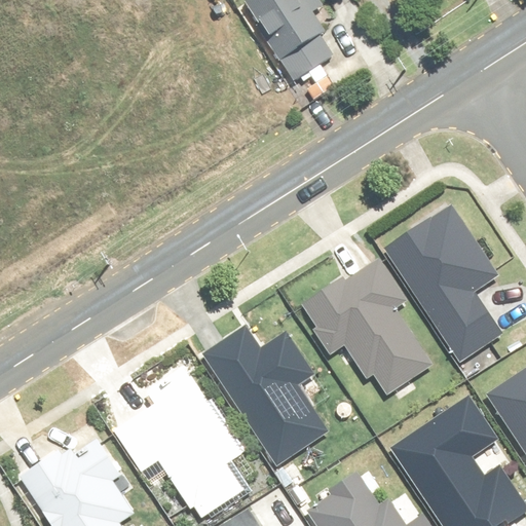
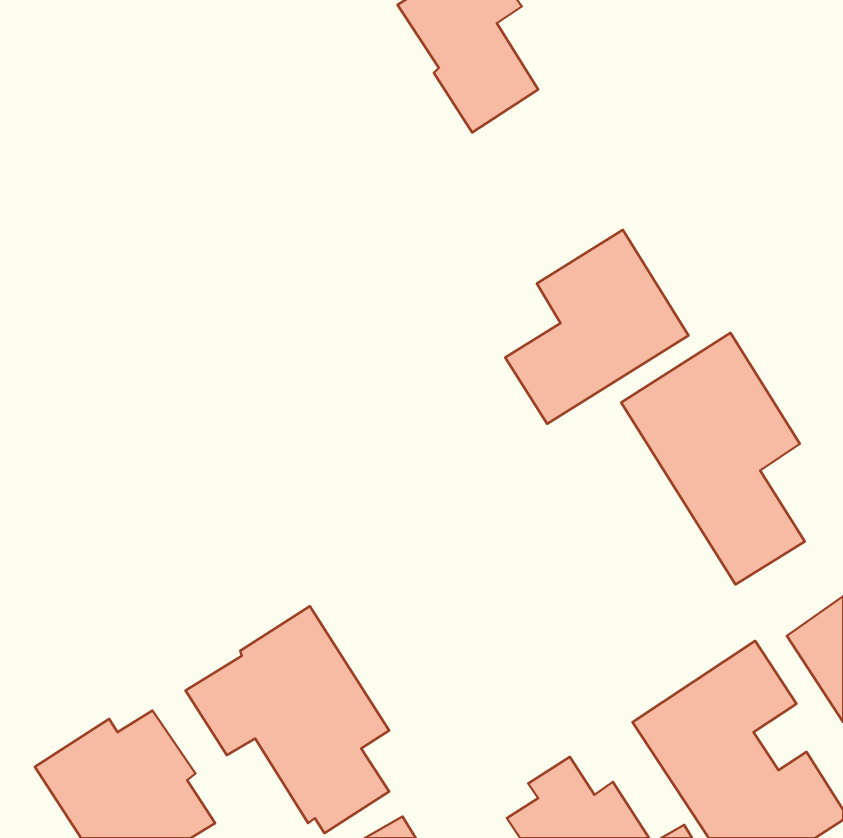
building: none -> [505,230,688,424]
building: [303,262,431,394] -> none
building: [205,328,327,465] -> none

